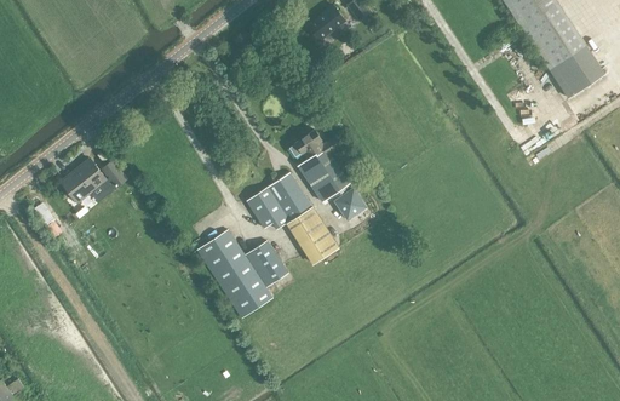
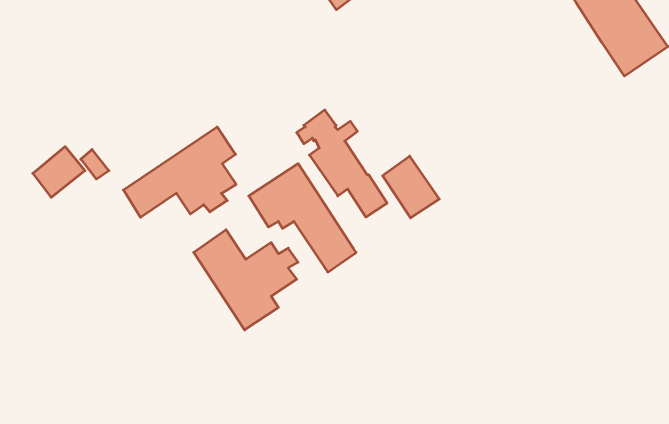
building: none -> [123,127,236,217]
building: none -> [383,156,439,218]

